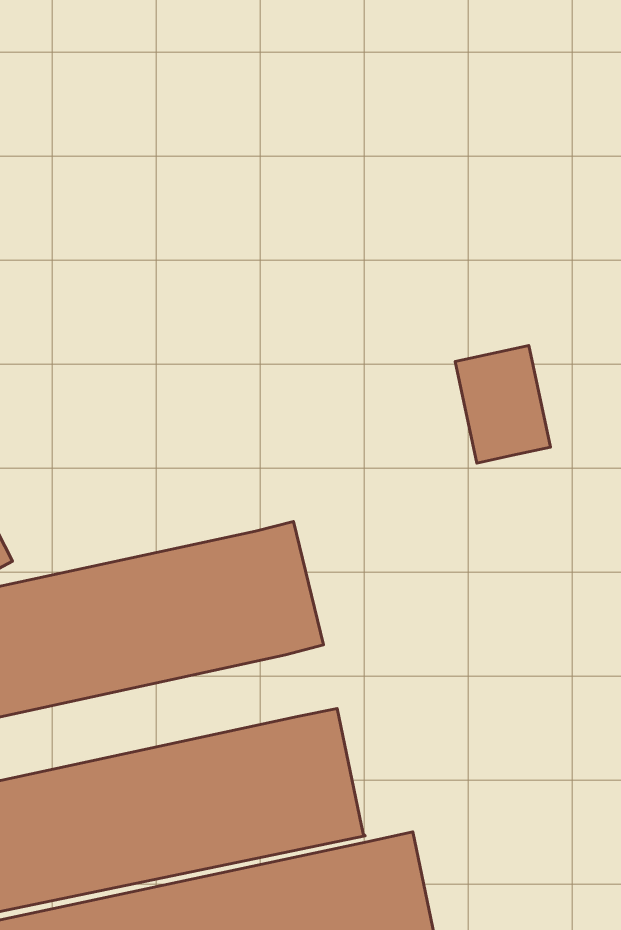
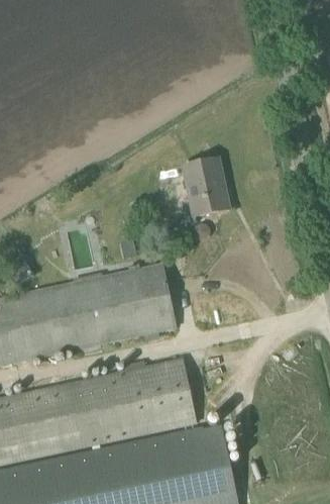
building: [455,346,551,463] -> [181,158,229,217]

